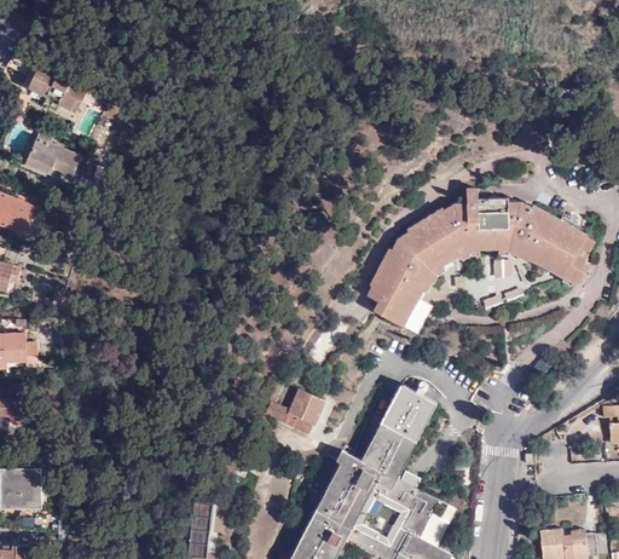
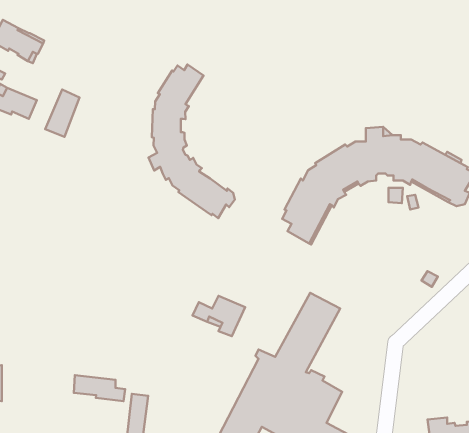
building: none -> [148,65,235,218]
building: none -> [45,90,80,137]
building: none -> [74,375,125,401]

